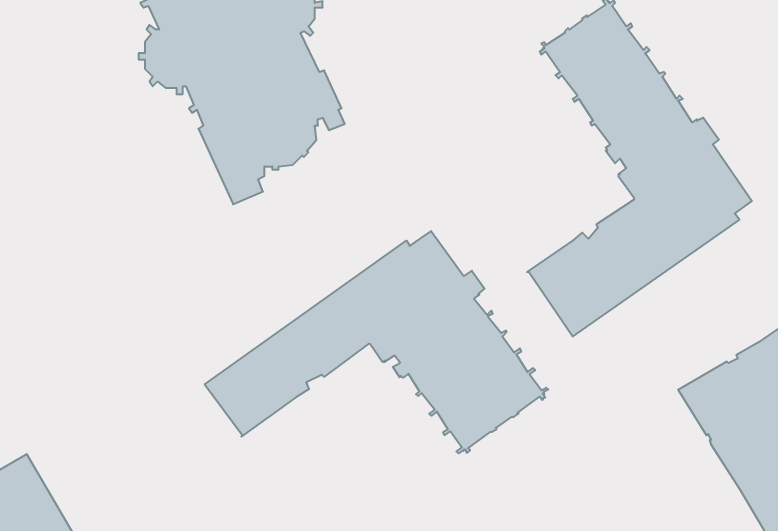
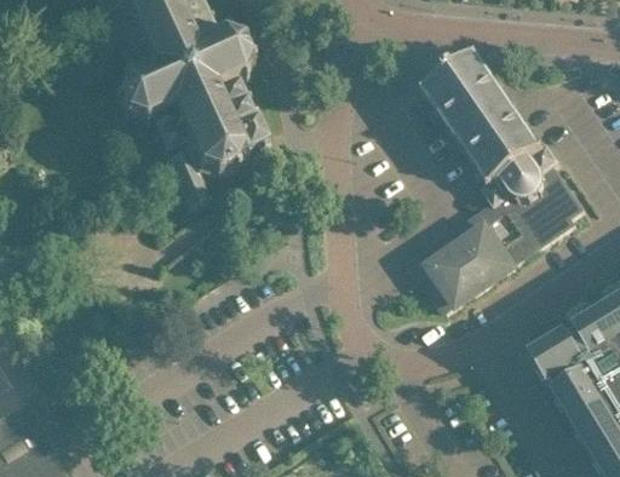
building: [205,231,548,453] -> none

